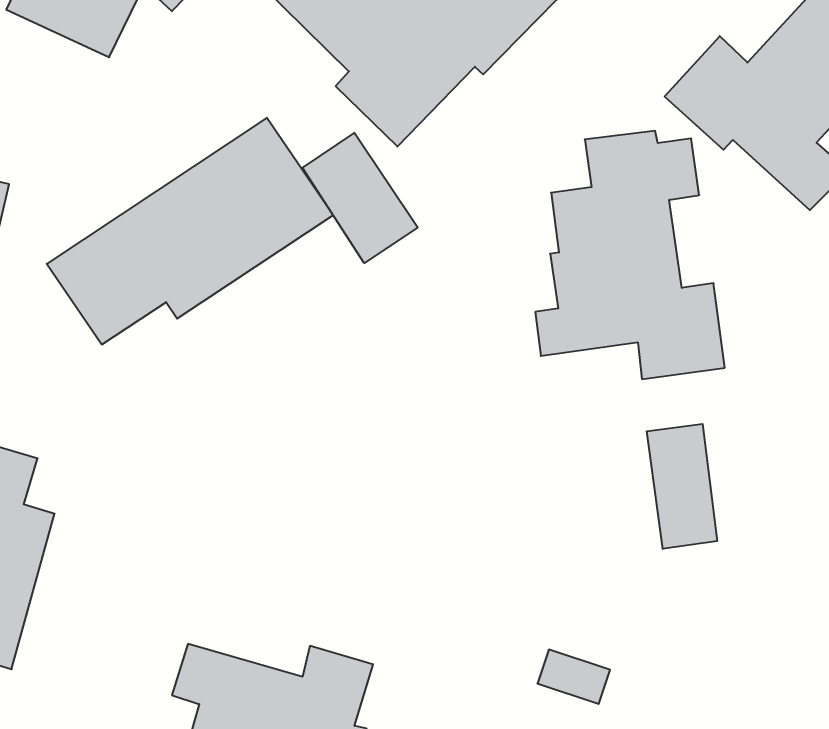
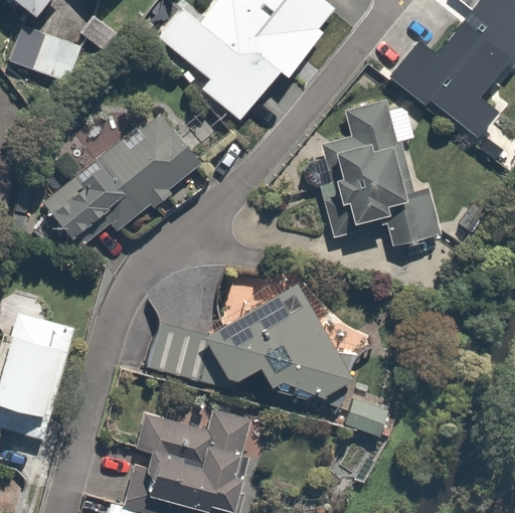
building: [302,133,418,263] -> none
building: [647,424,717,549] -> none
building: none -> [145,282,353,404]

